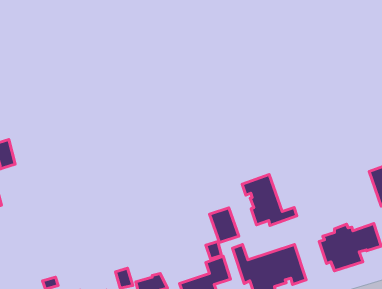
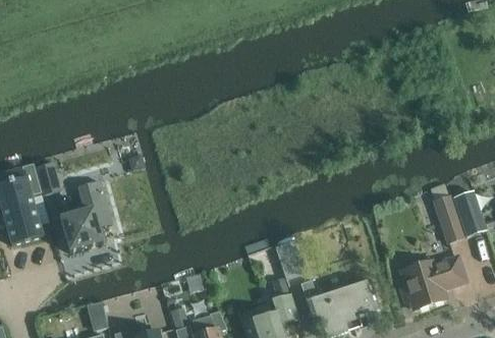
building: none -> [65,185,118,257]
building: none -> [434,194,463,241]
building: [242,175,297,225] -> none

